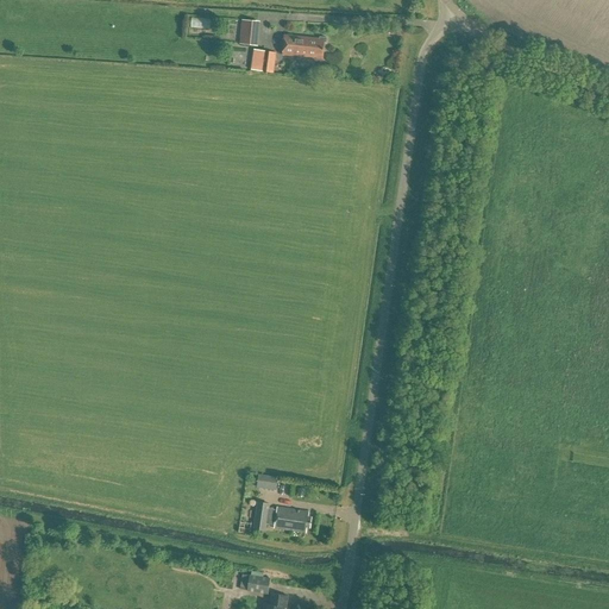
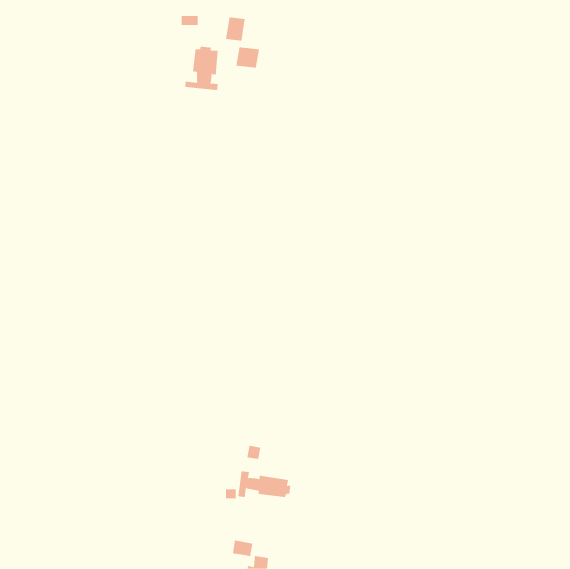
building: [282,34,326,58] -> none
building: none -> [185,46,218,91]

